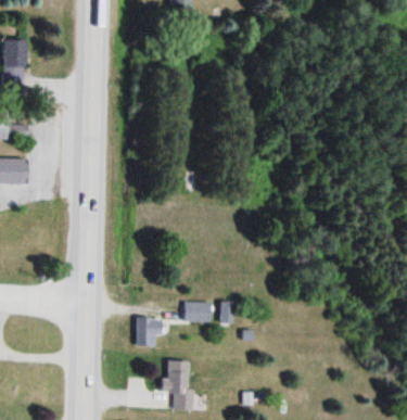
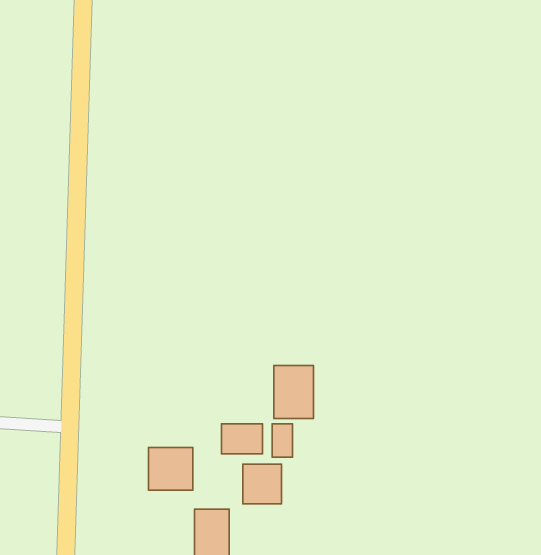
building: none -> [274,366,313,418]
building: none -> [243,464,281,504]

